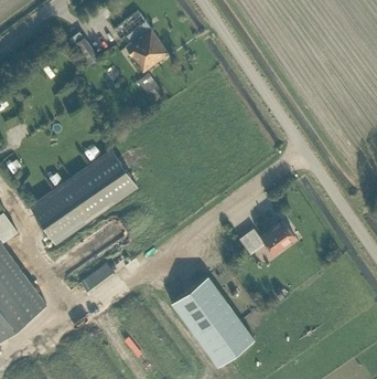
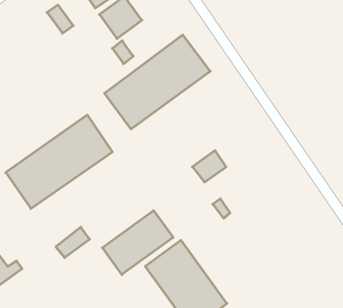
building: none -> [105,35,210,129]
building: [261,222,295,254] -> [192,151,226,182]
building: none -> [102,211,173,275]

